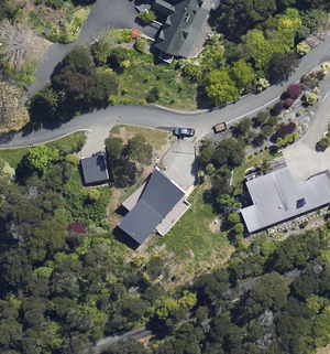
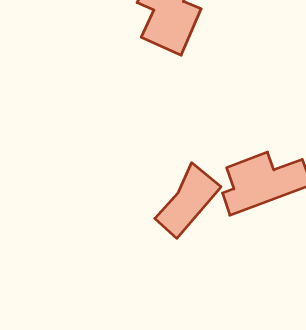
building: [78,154,110,185] -> none
building: [118,167,187,246] -> [155,163,221,238]

